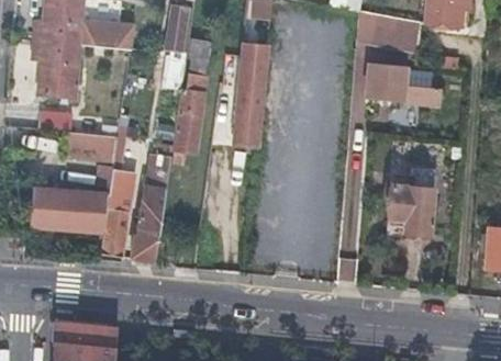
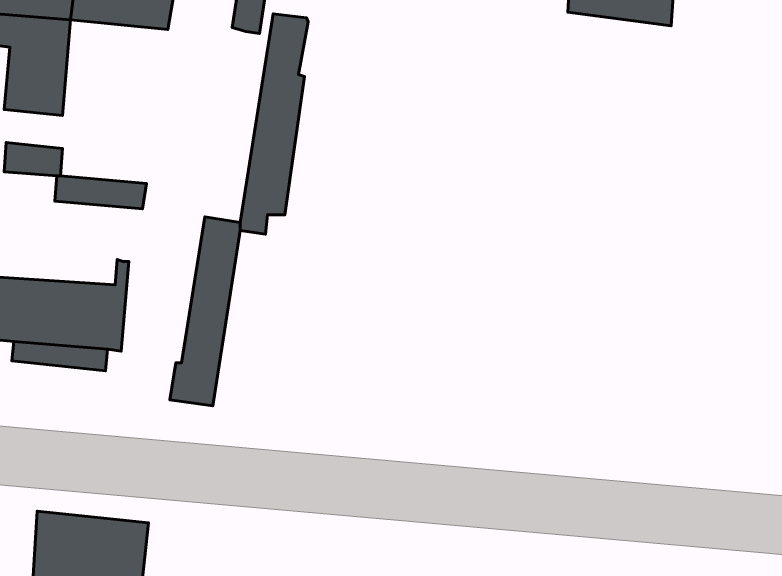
building: [234,45,266,149] -> none
building: [365,64,442,106] -> none
building: [388,168,435,239] -> none
building: [101,172,134,258] -> none

